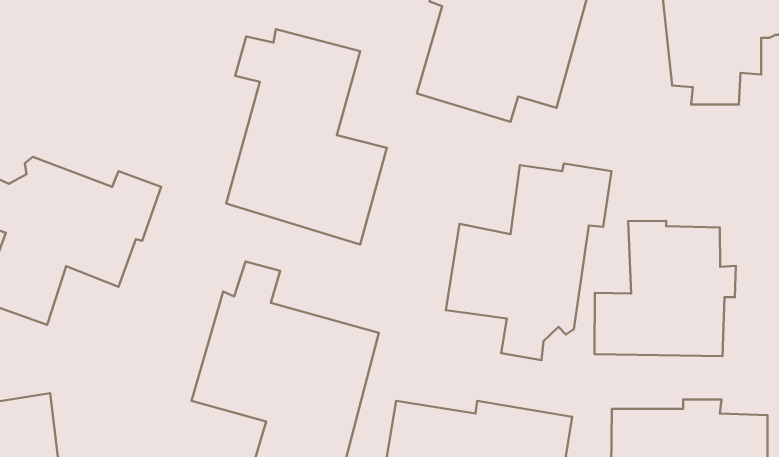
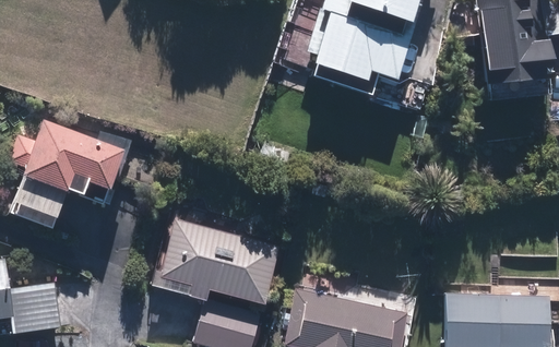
building: [226,29,387,244] -> none
building: [446,163,612,360] -> none
building: [595,221,736,356] -> none

